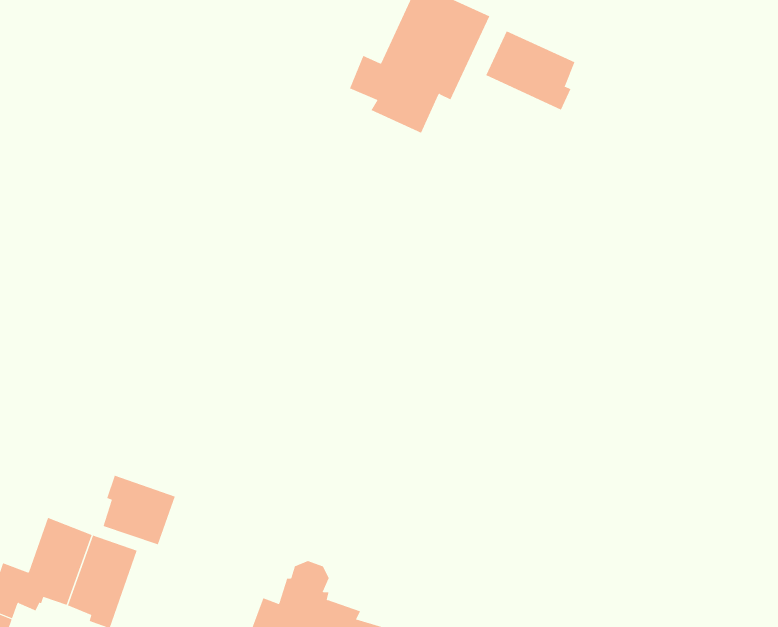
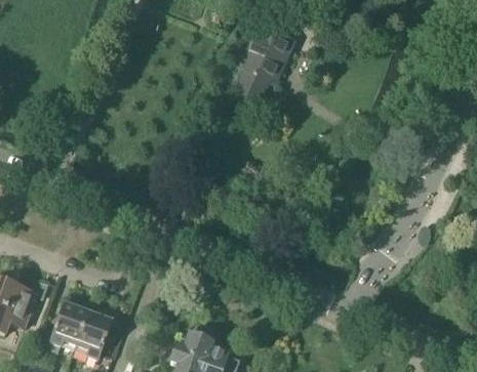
building: [486,31,575,111] -> none
building: [103,475,175,545] -> none

